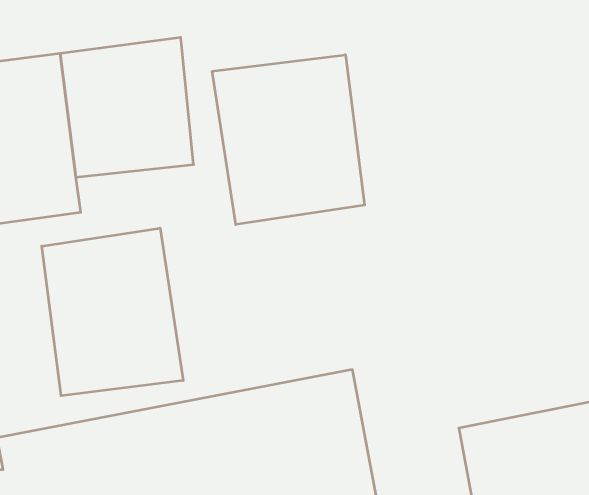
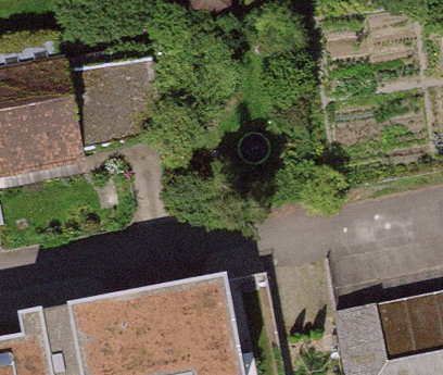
building: [212,55,365,225] -> none
building: [42,228,183,396] -> none

